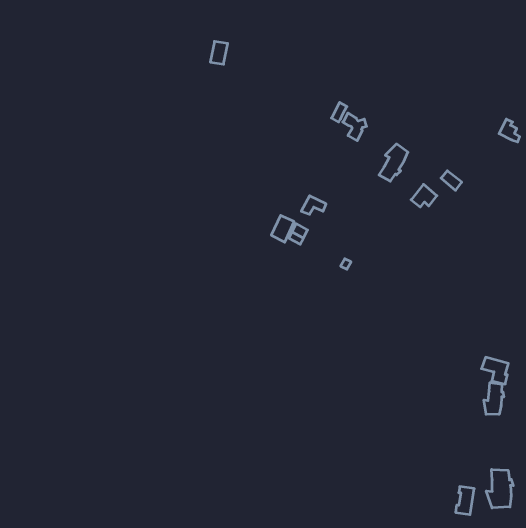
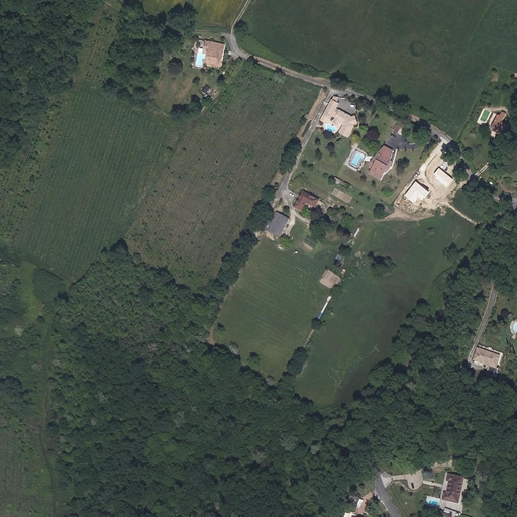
building: [484,383,504,414] -> none
building: [486,469,513,508] -> none

